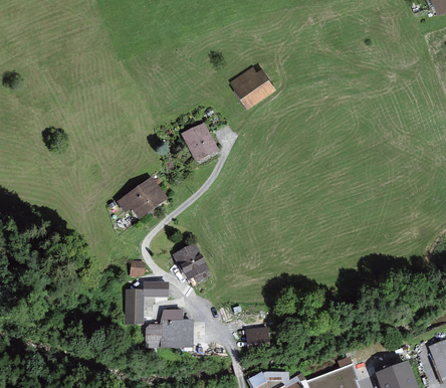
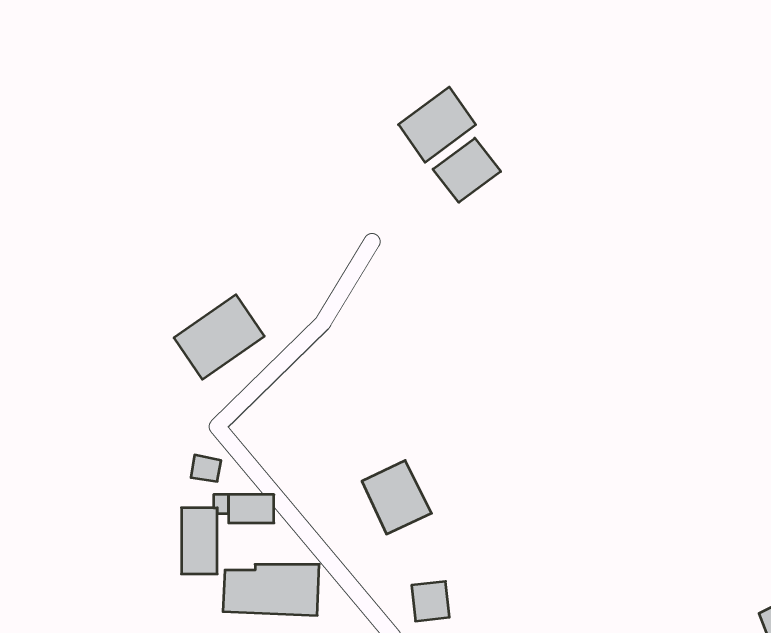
building: none -> [433,138,501,202]
building: [179,119,220,162] -> none
building: [174,241,211,280] -> [362,460,432,534]

